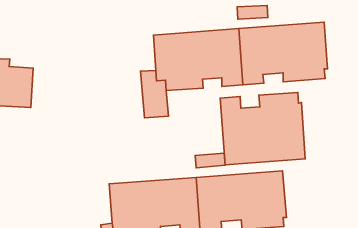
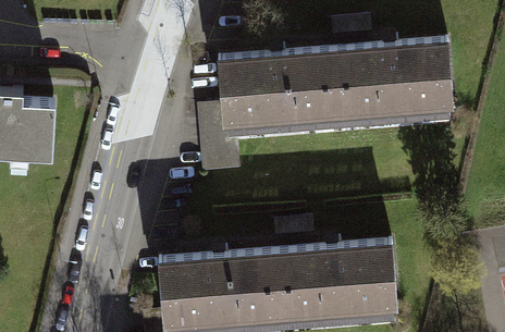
building: [220,92,305,165] -> none

